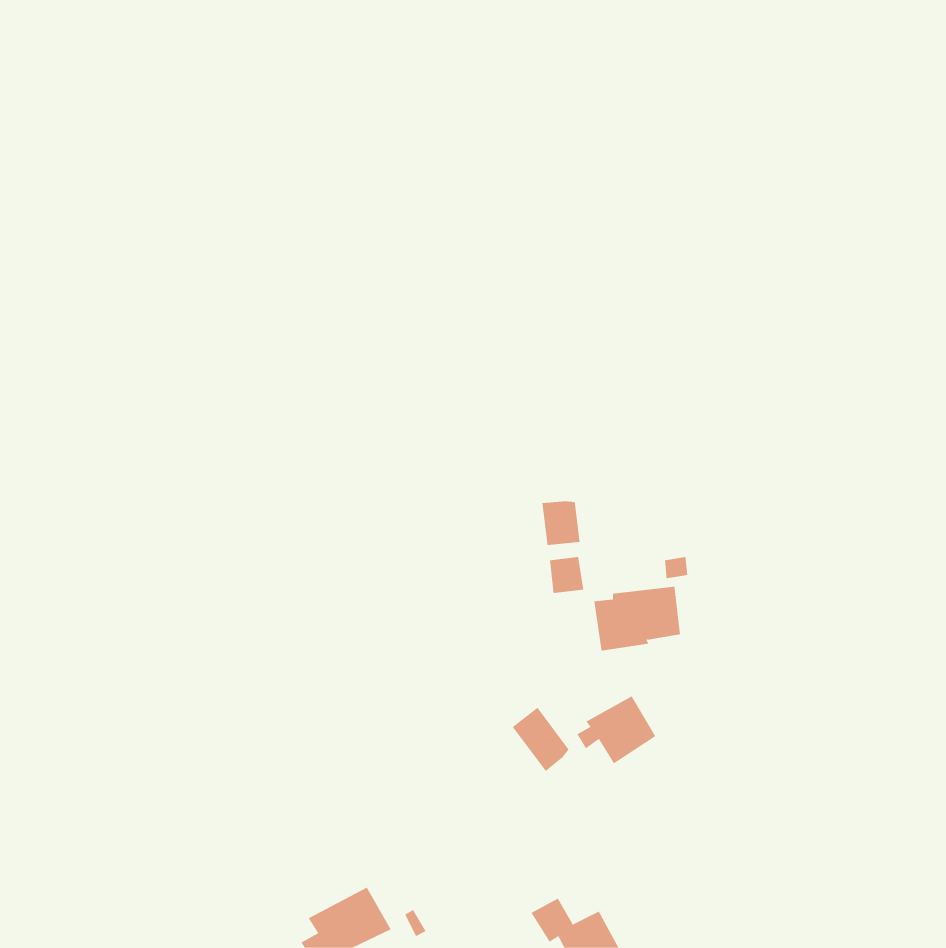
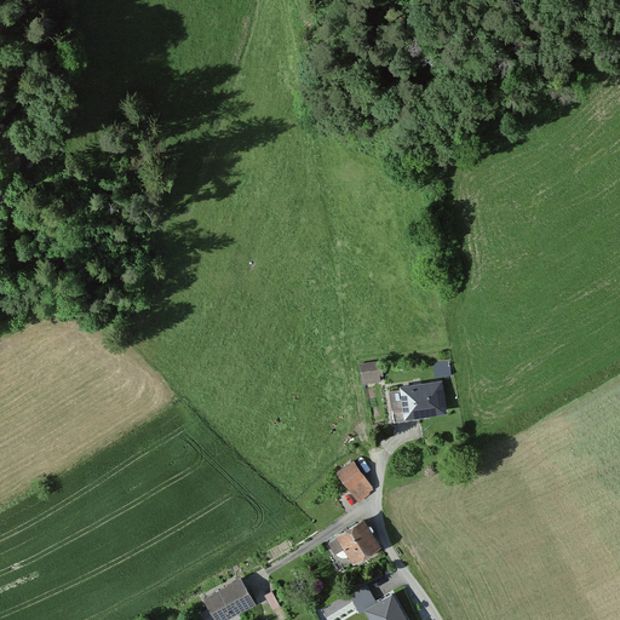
building: [542,500,580,546] -> none
building: [576,695,656,764] -> [328,519,380,564]

